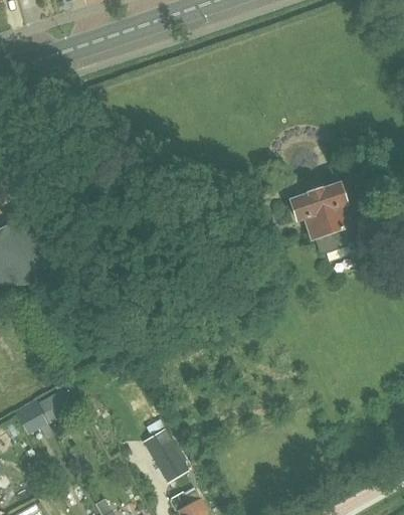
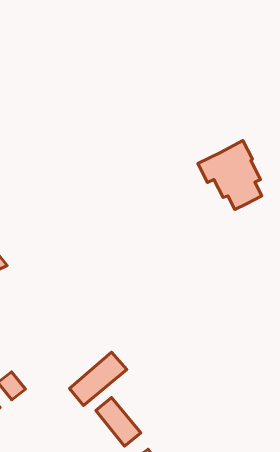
building: none -> [69,352,127,406]

